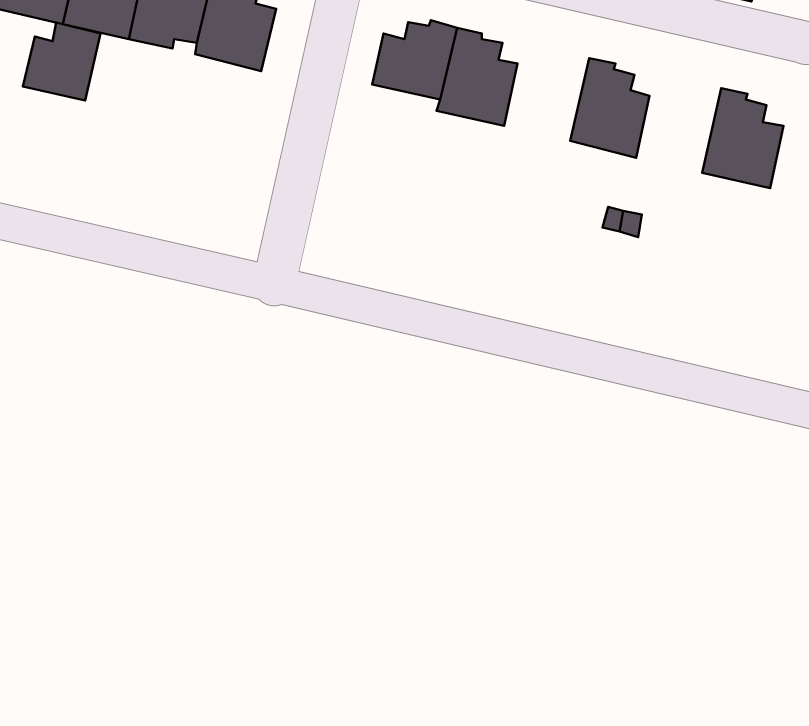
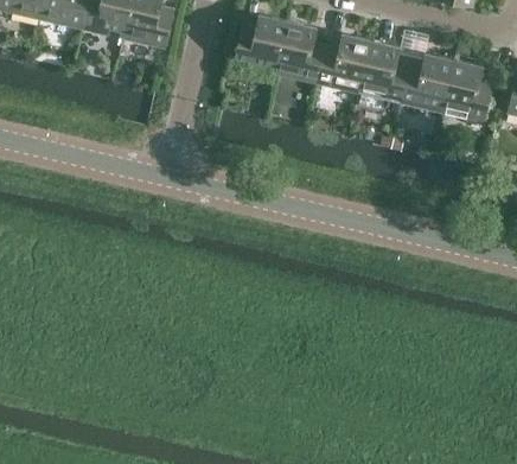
building: [23,23,100,101] -> none
building: none -> [318,36,371,91]
building: none -> [401,55,454,112]

